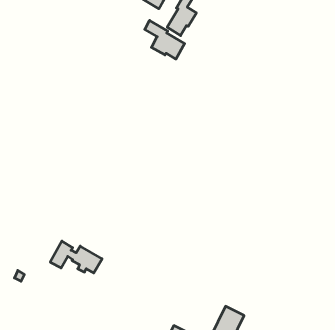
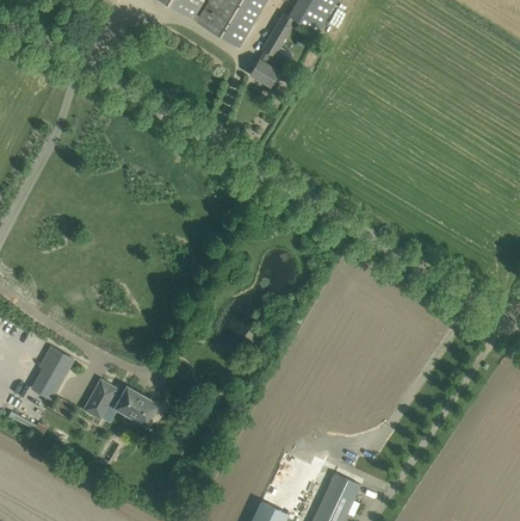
building: [145,20,185,59] -> none
building: none -> [31,346,73,398]

